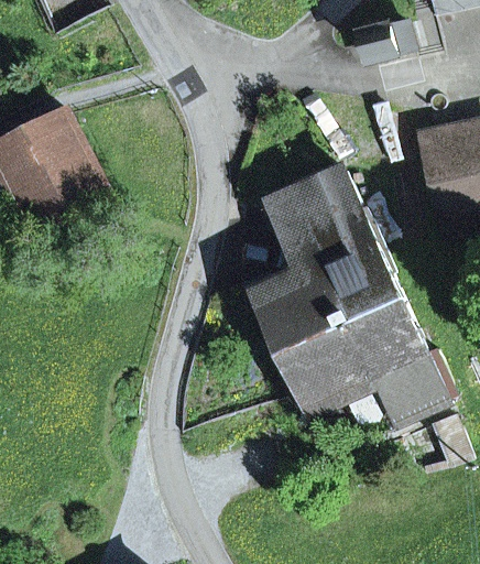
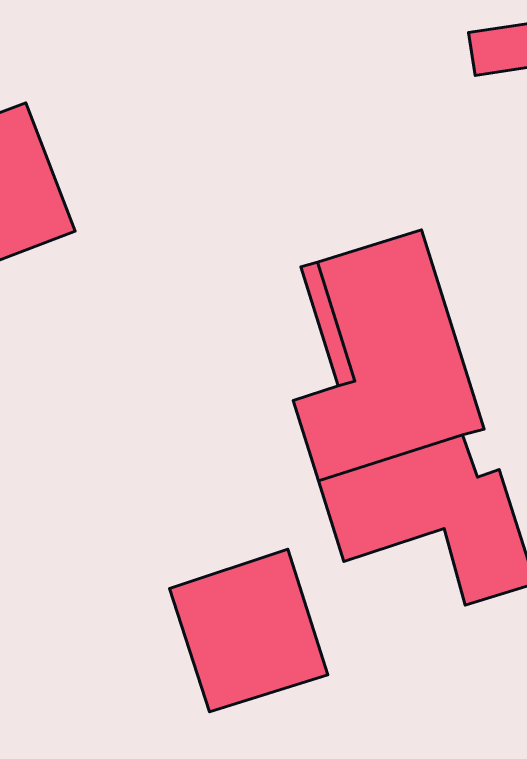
building: none -> [170,549,328,712]

